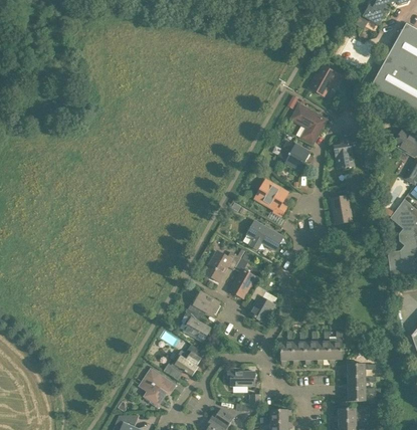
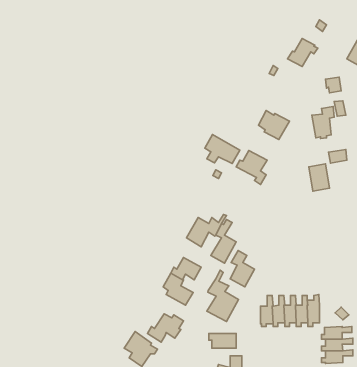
building: [291,104,326,140] -> none
building: [247,219,283,249] -> [205,134,240,164]
building: none -> [207,270,239,322]

